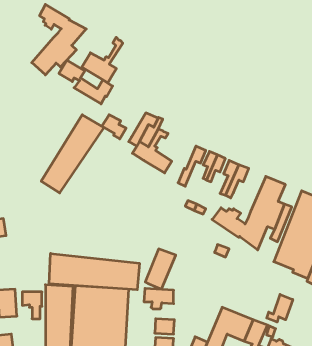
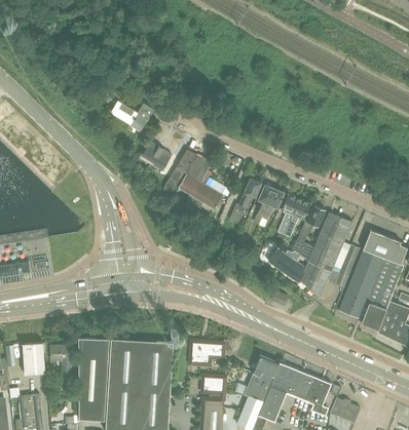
building: [32,4,86,75] -> none
building: [82,37,123,83] -> none
building: [41,115,104,193] -> none
building: none -> [293,205,326,261]
building: [145,249,176,289] -> [245,356,280,402]
building: [49,253,139,290] -> none
building: [267,294,293,322] -> none

